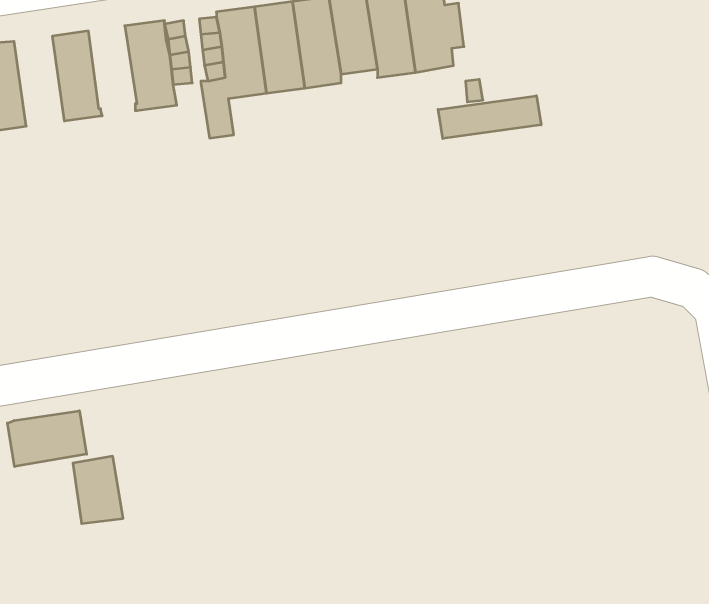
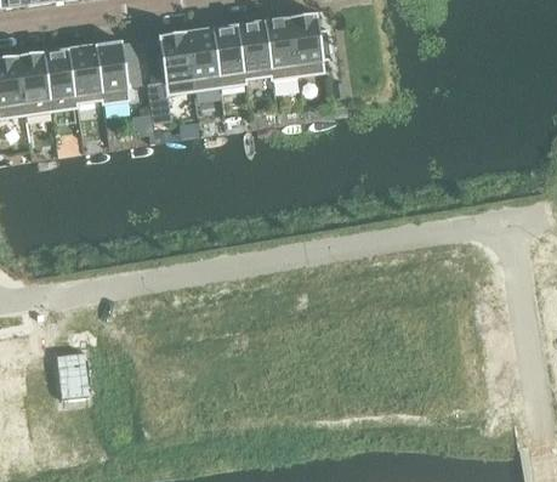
building: none -> [67,45,101,103]
building: none -> [15,52,50,115]
building: [438,96,541,139] -> none
building: [7,411,87,467] -> none

